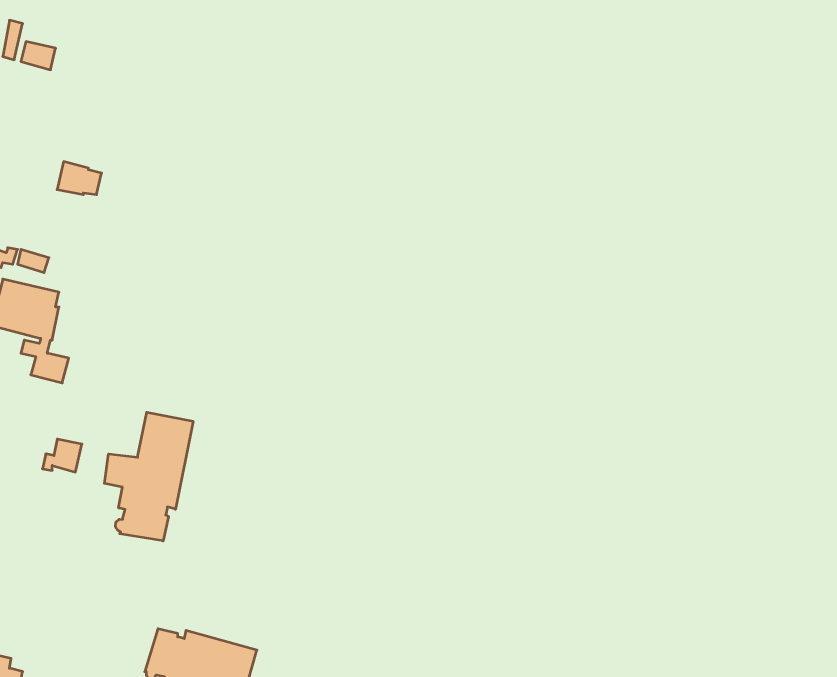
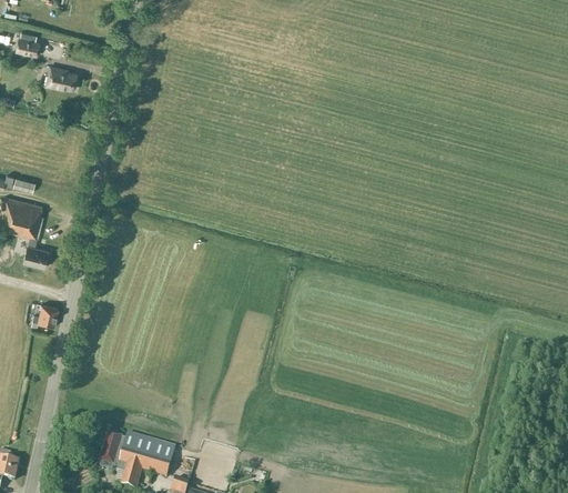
building: [57,162,102,195] -> [47,64,77,87]
building: [104,412,193,541] -> none

